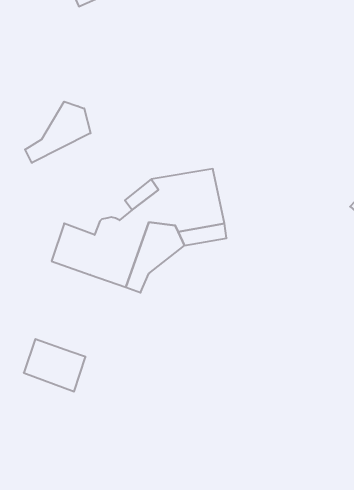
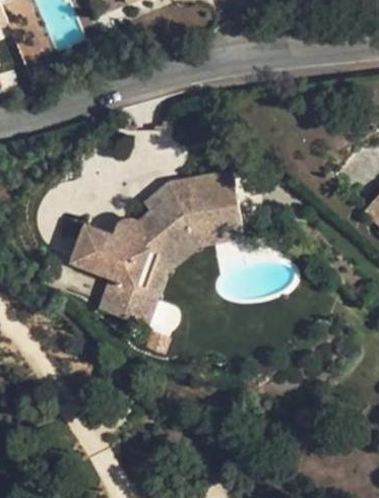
building: [25,102,91,163] -> none
building: [24,339,86,392] -> [98,275,157,326]

